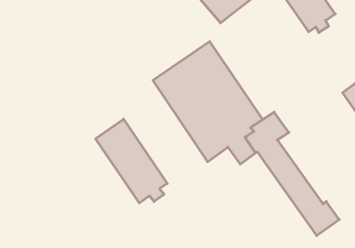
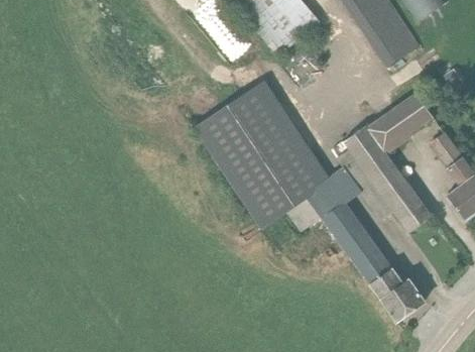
building: none -> [332,89,434,232]
building: [96,119,167,203] -> none

